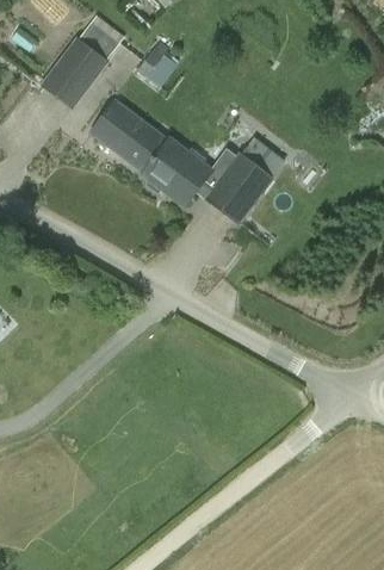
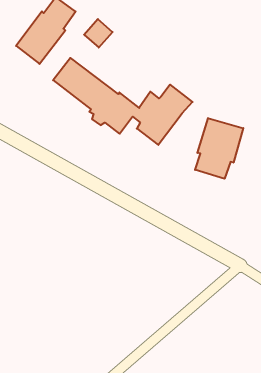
building: none -> [195,118,243,179]

